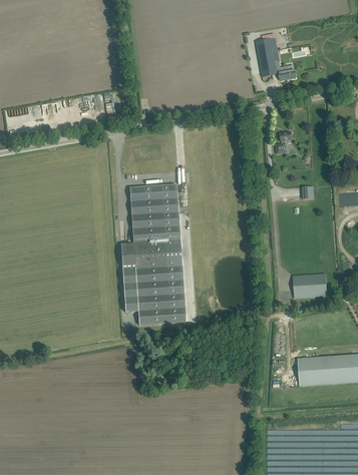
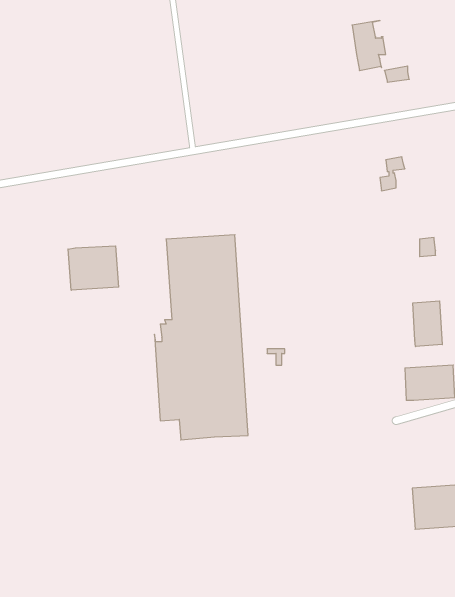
building: none -> [68,246,119,290]
building: none -> [413,301,442,347]

